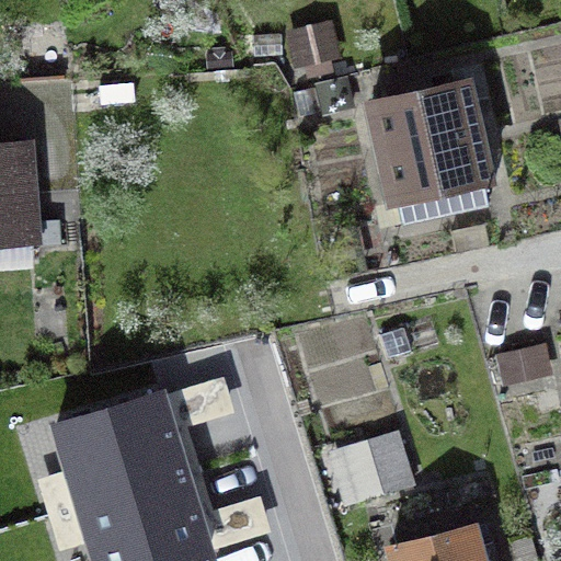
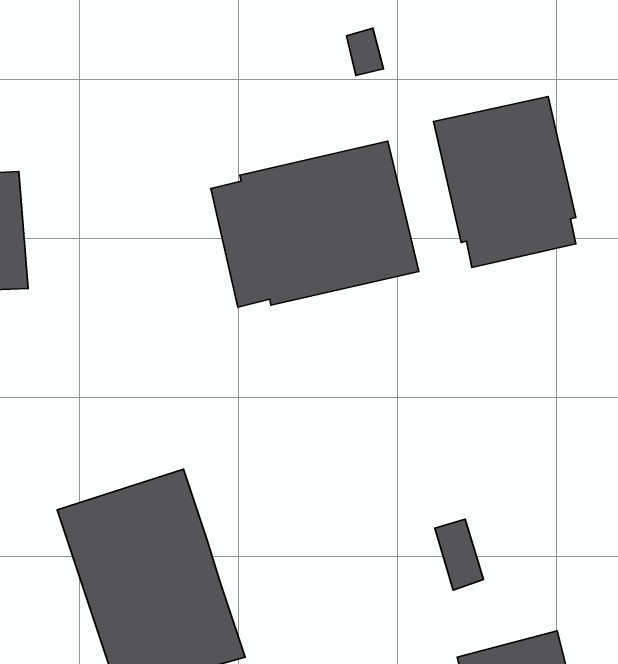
building: none -> [211,141,419,307]

